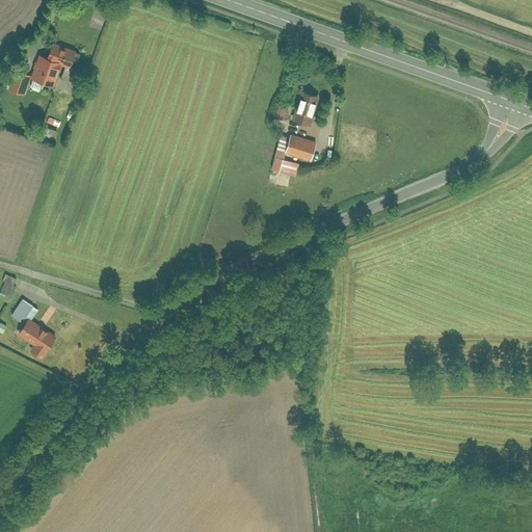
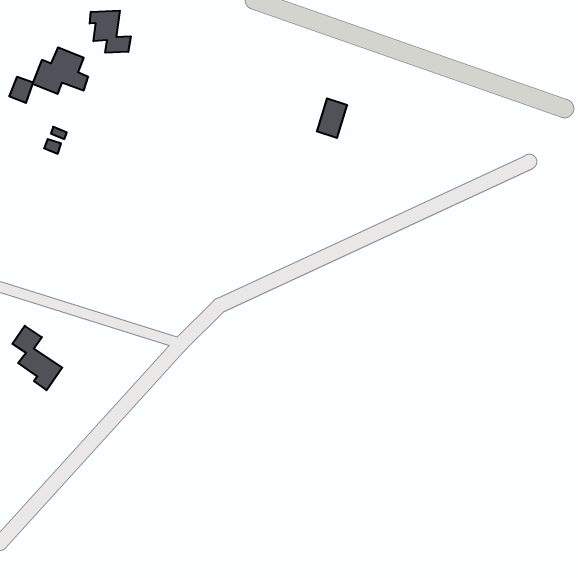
building: none -> [90,11,131,53]
building: [271,132,316,175] -> none

